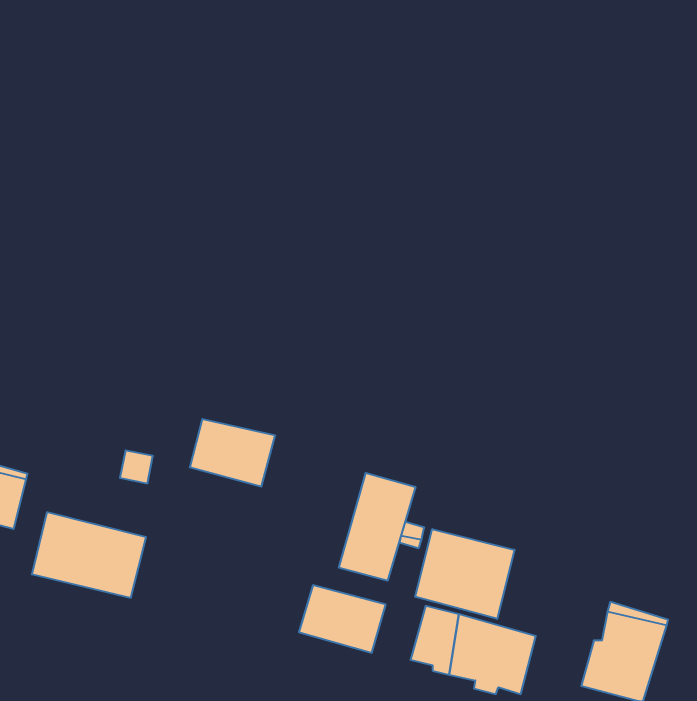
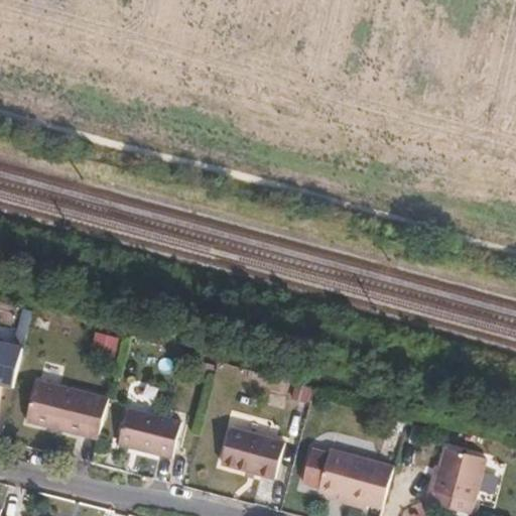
building: [190,419,275,487] -> [117,408,179,458]
building: [339,473,415,581] -> none
building: [415,529,515,619] -> none

